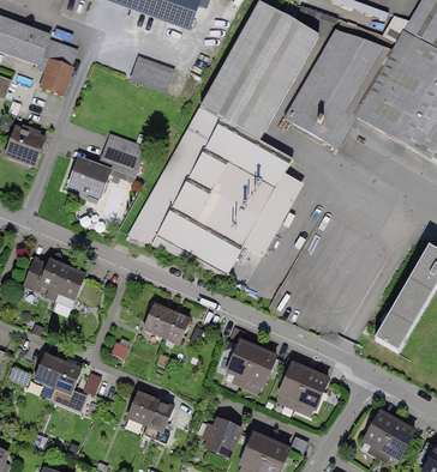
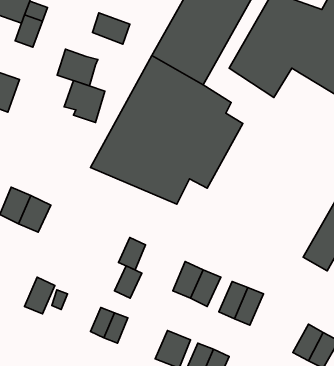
building: [65,155,112,196] -> [57,49,98,86]
building: [143,304,174,341] -> [115,266,142,298]
building: [32,350,67,392] -> none

